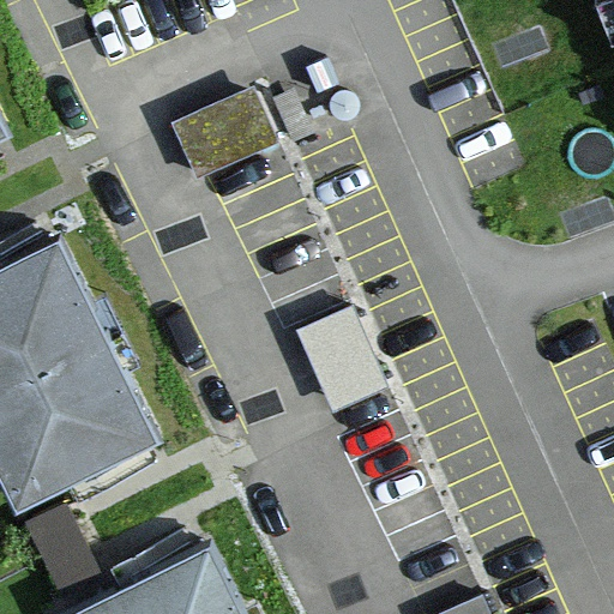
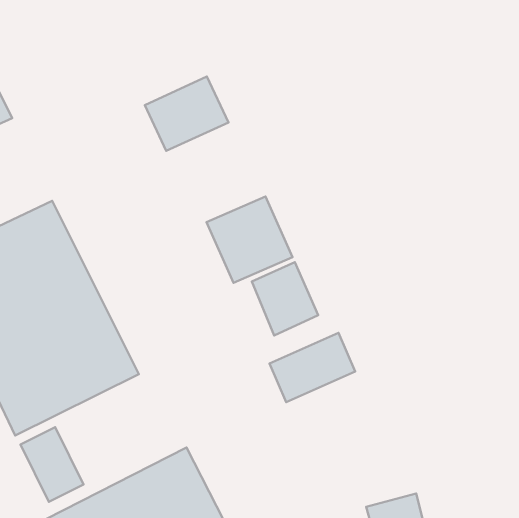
building: none -> [207,196,292,283]
building: none -> [269,333,355,402]

